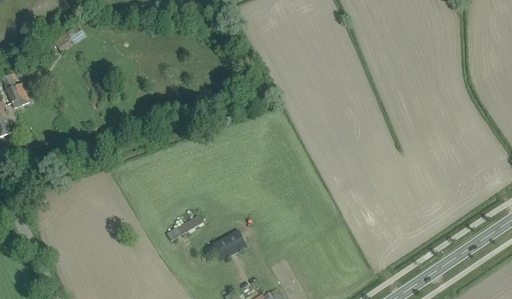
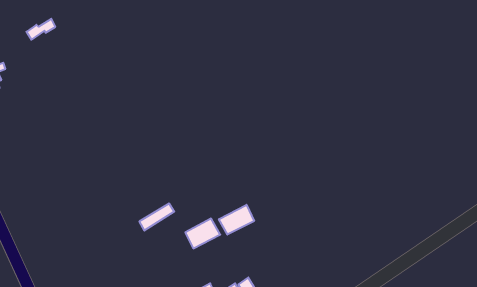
building: none -> [219,205,254,235]

